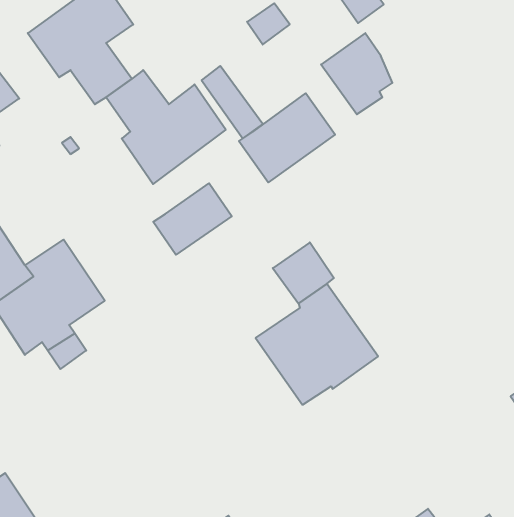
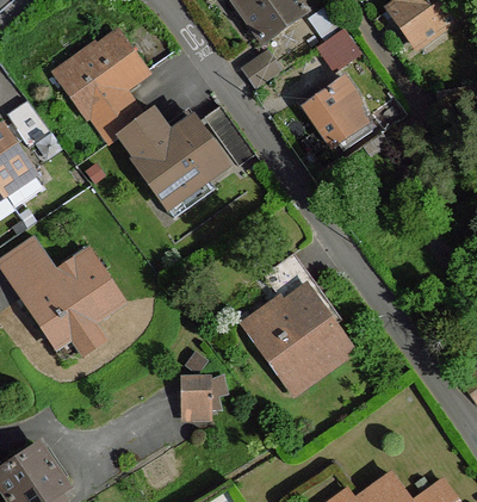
building: [239,93,335,182] -> none
building: [153,183,232,255] -> none
building: none -> [179,378,224,414]

